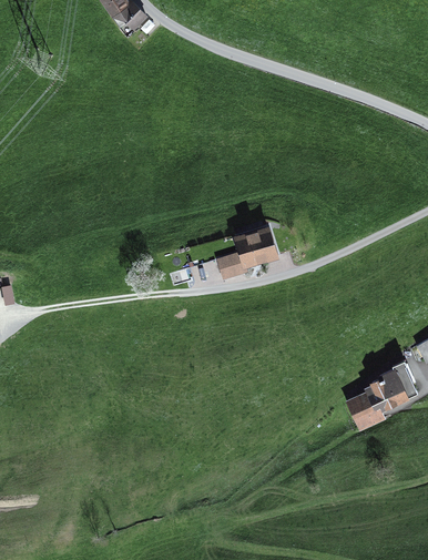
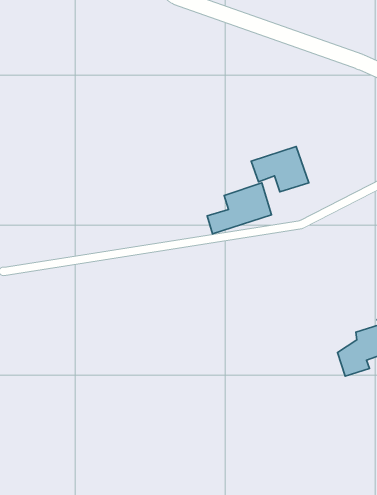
building: none -> [251,146,309,192]

